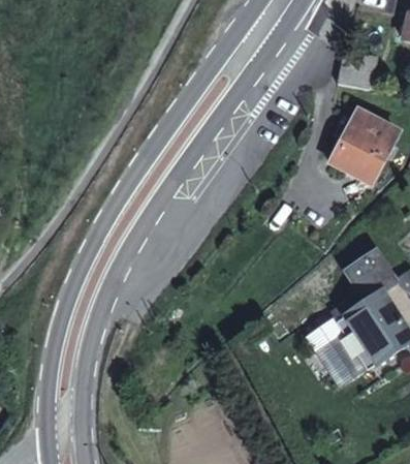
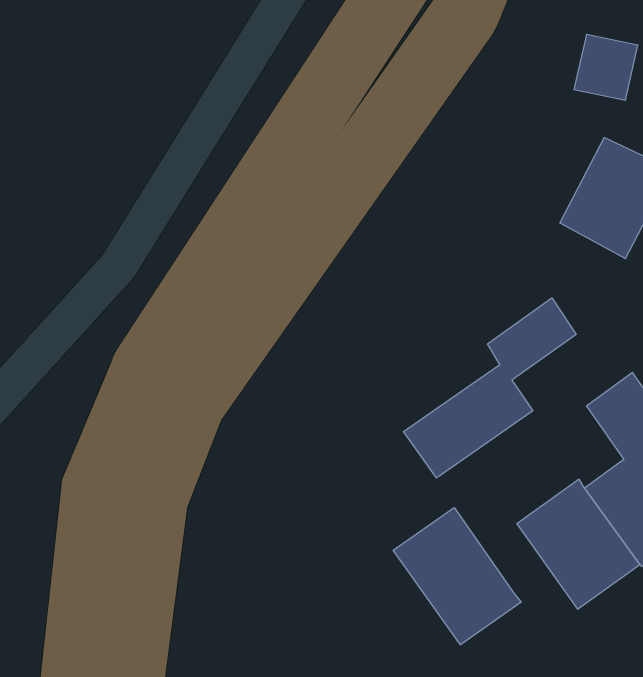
building: none -> [404,298,576,478]
building: none -> [393,508,521,645]

